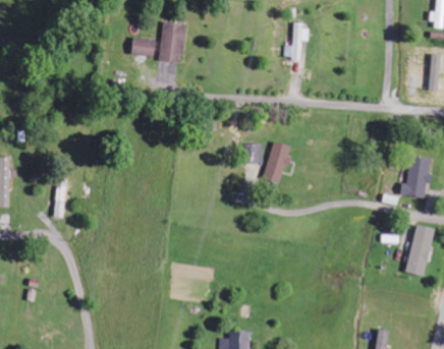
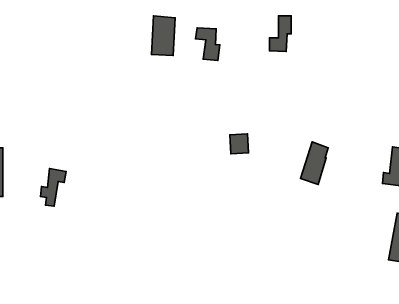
building: none -> [196,28,220,60]
building: [133,39,158,58] -> none
building: [261,140,289,184] -> [300,142,328,185]

